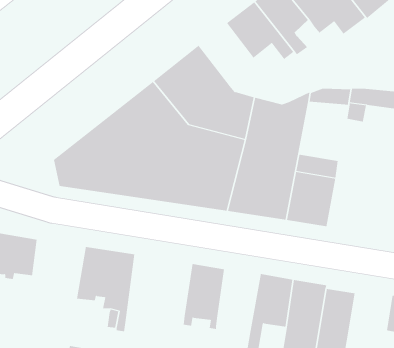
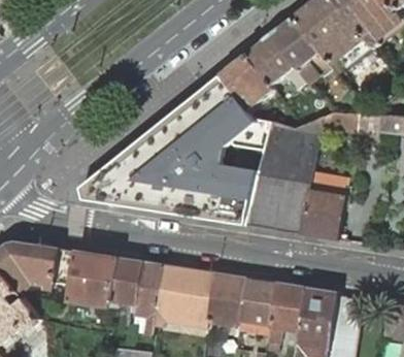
building: none -> [220,55,272,111]
building: none -> [66,251,116,304]
building: none -> [154,264,213,328]
building: none -> [237,278,275,333]

